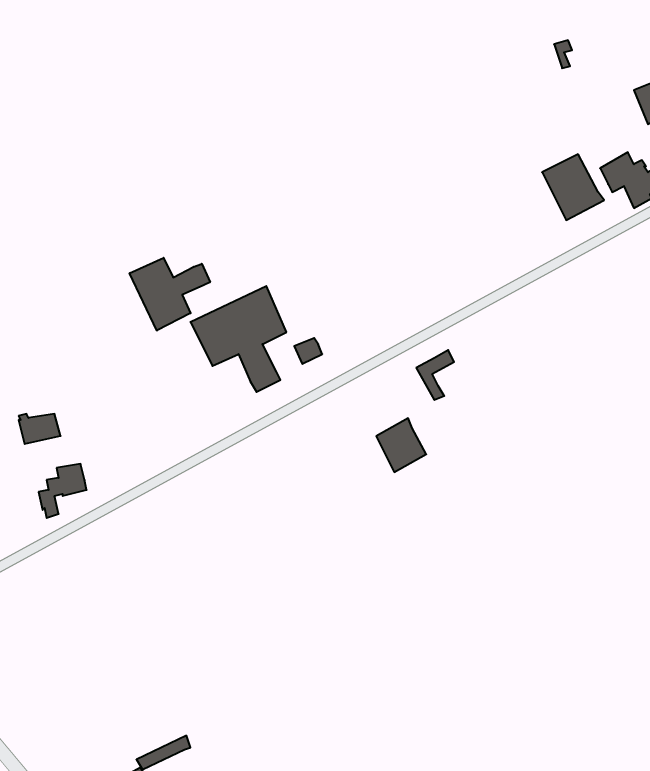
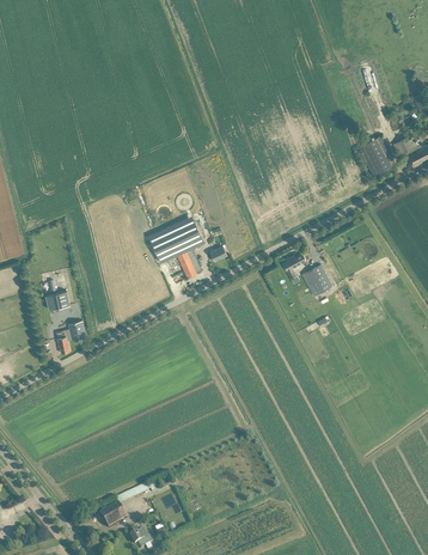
building: [130,258,210,331] -> none
building: [376,418,426,472] -> [301,262,331,294]

